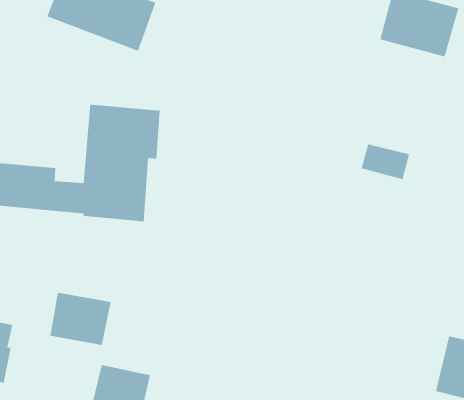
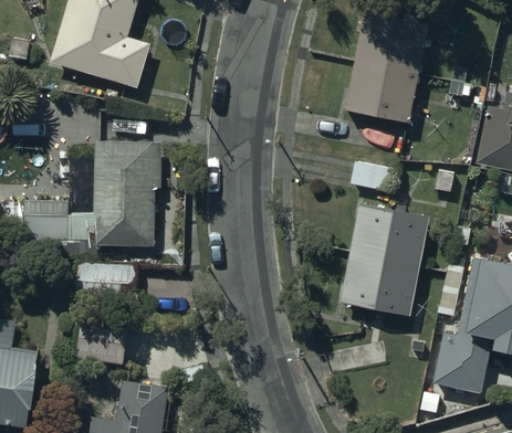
building: none -> [347,63,420,127]
building: none -> [339,203,428,315]

